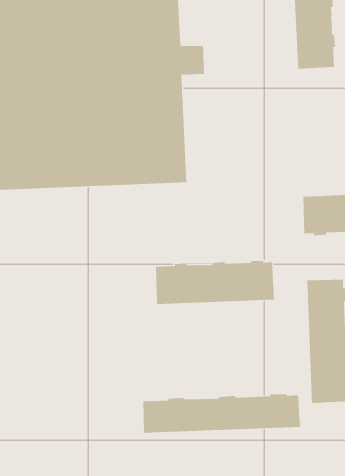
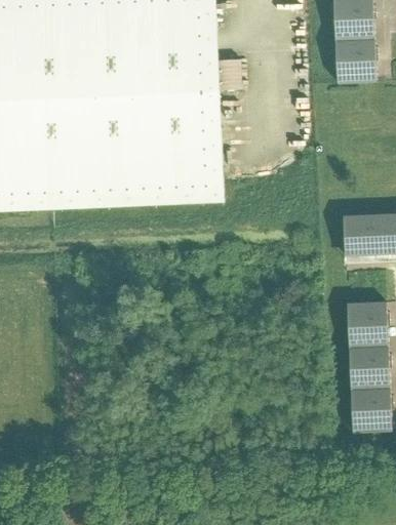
building: [155,260,274,305] -> none
building: [143,394,301,434] -> none

